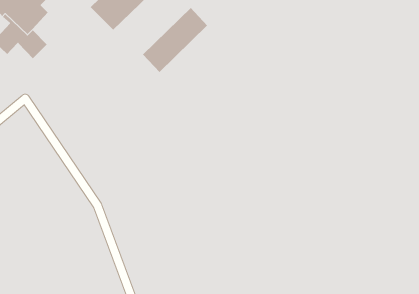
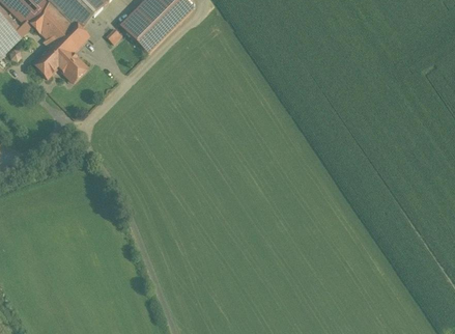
building: [142,7,208,73] -> none

